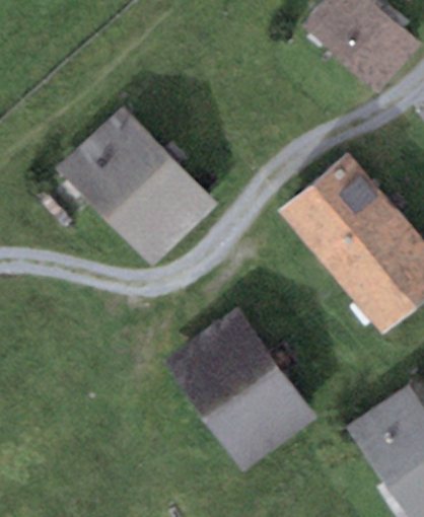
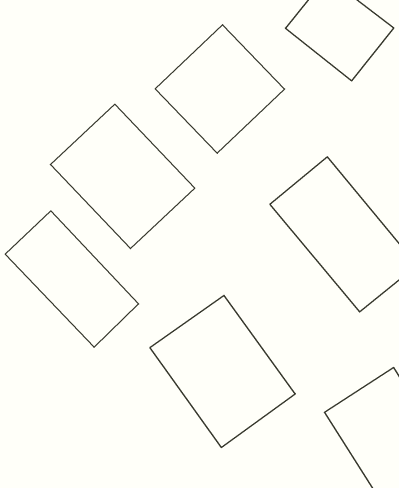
building: none -> [155,25,285,153]
building: none -> [5,211,139,347]

